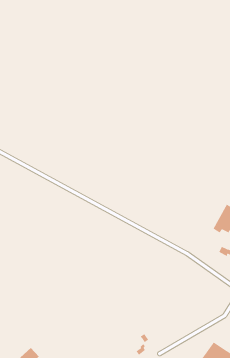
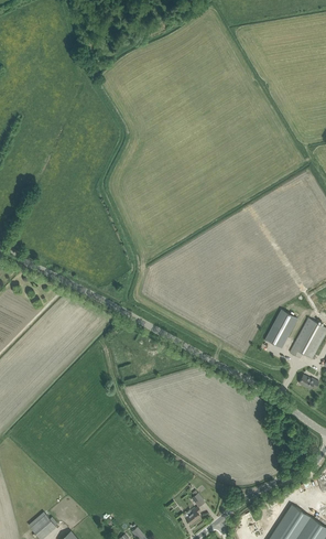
building: none -> [264,310,296,348]

